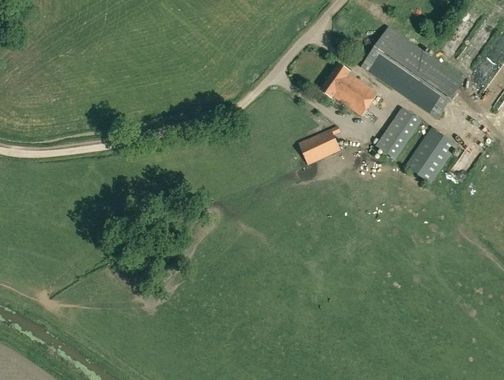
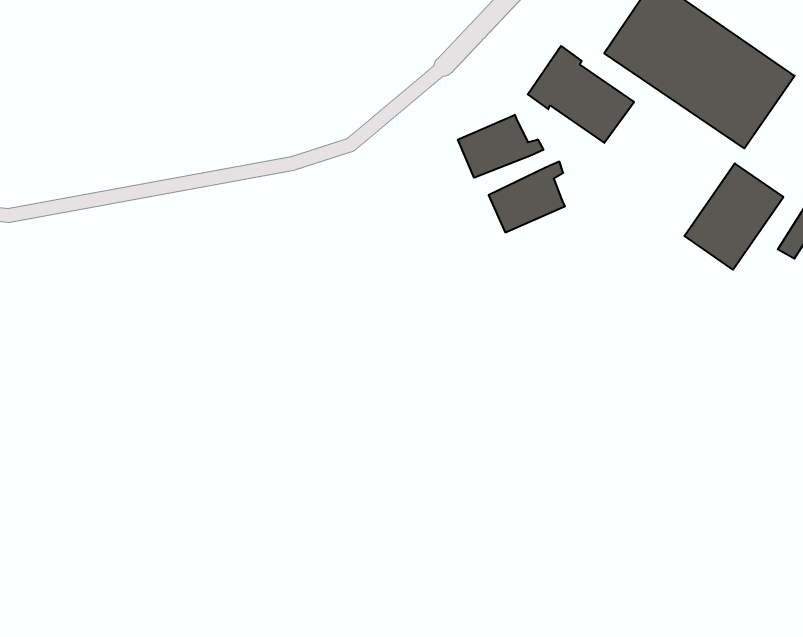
building: none -> [458,115,543,178]
building: [378,108,421,157] -> none

